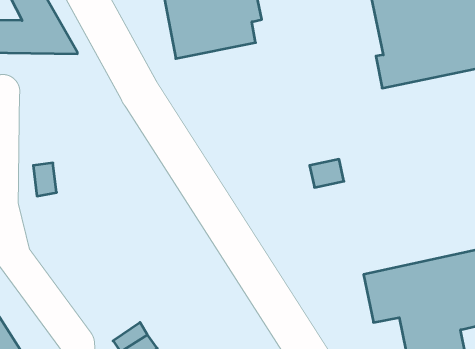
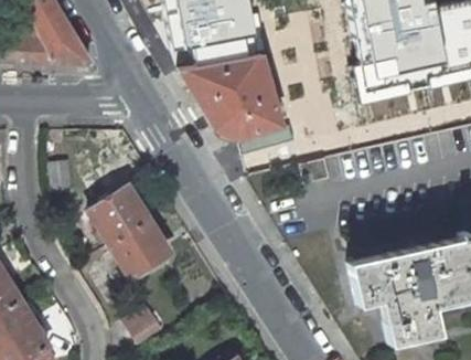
building: none -> [178,47,286,139]
building: none -> [87,189,163,278]

